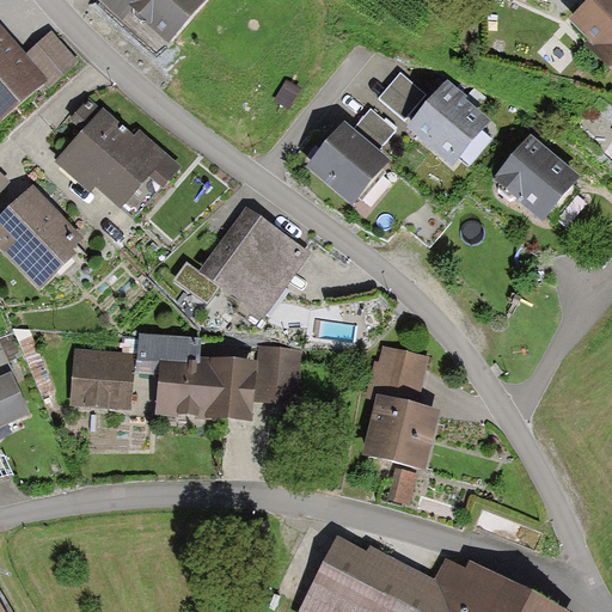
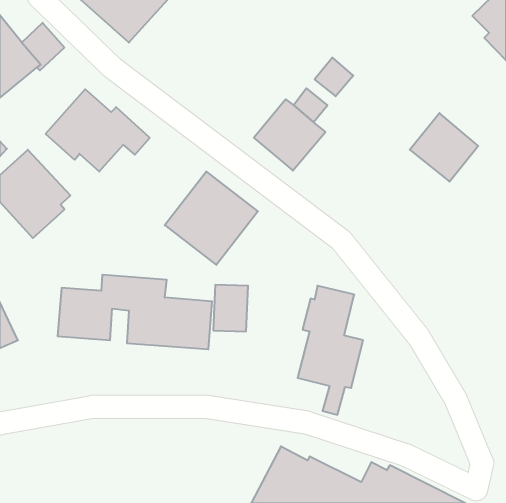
building: [408,80,491,166] -> none

